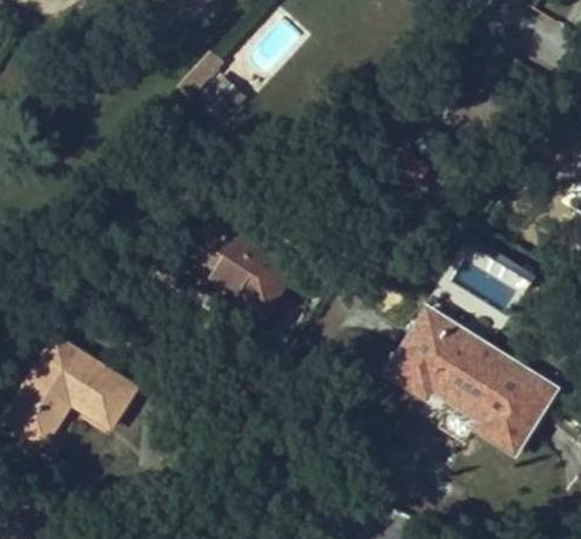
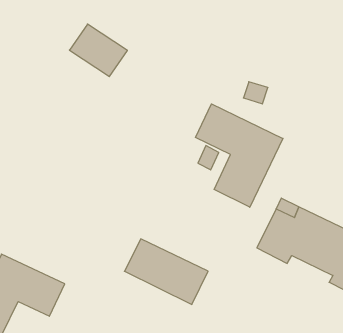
building: none -> [195,104,283,207]
building: [187,218,296,311] -> [124,239,208,304]

